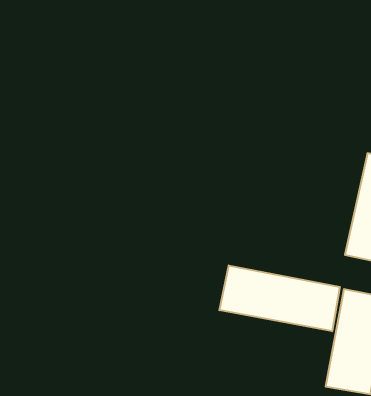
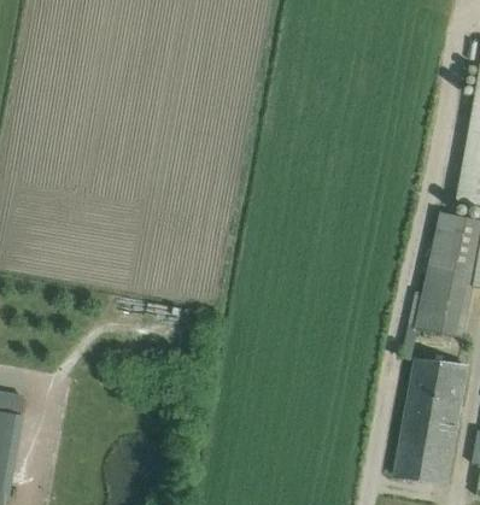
building: [219,265,340,331] -> none

